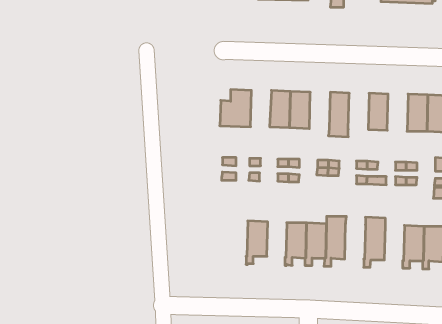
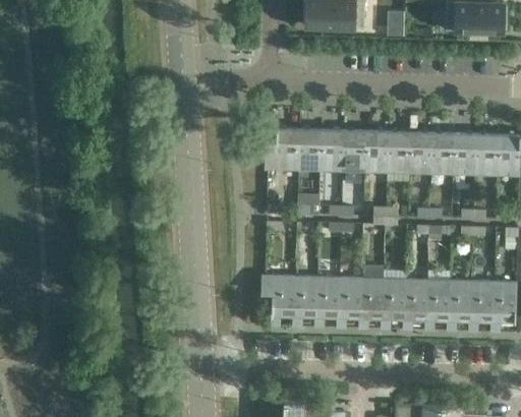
building: none -> [298,129,322,170]
building: none -> [364,131,388,172]
building: none -> [408,132,431,173]
building: none -> [452,133,475,175]
building: none -> [260,276,295,323]
building: none -> [315,277,339,324]
building: none -> [403,279,427,327]
building: none -> [447,281,471,329]

